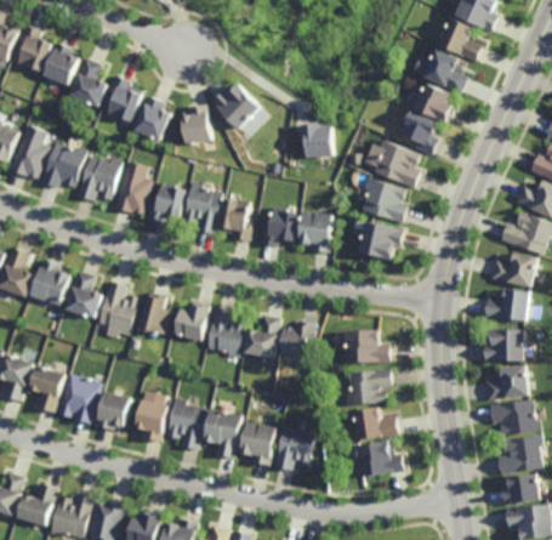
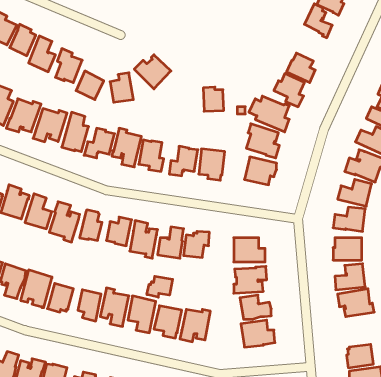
building: [428,45,470,91] -> none
building: none -> [147,276,173,297]
building: [495,436,539,476] -> none

